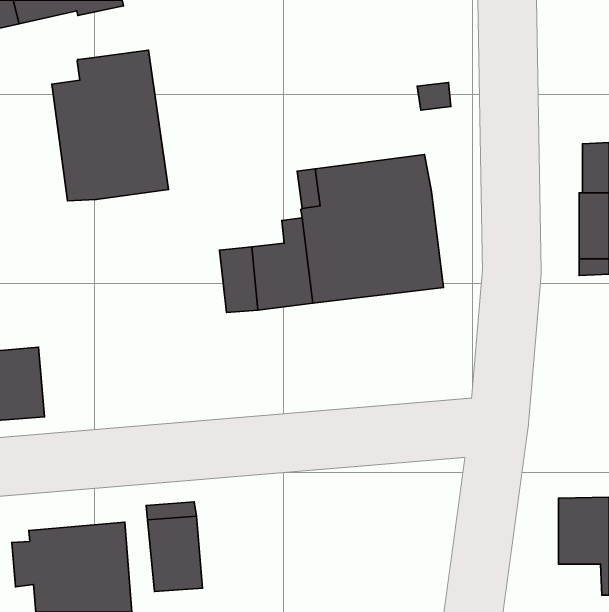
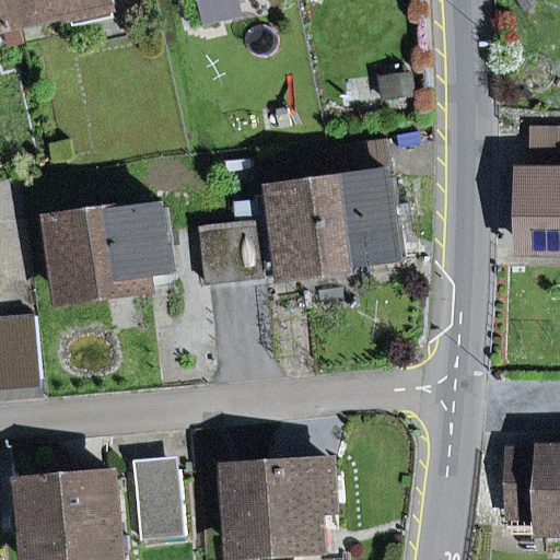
building: [52,50,169,201] -> none
building: none -> [56,206,174,300]
building: none -> [233,466,335,553]

